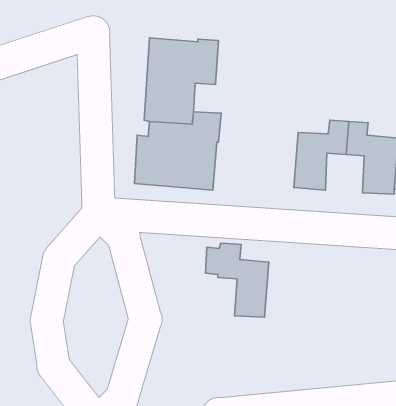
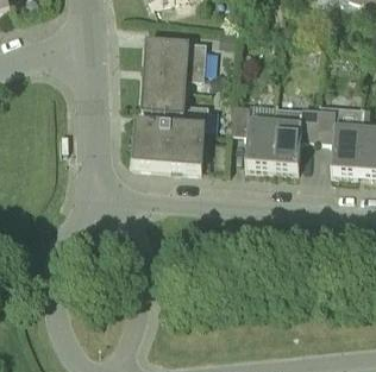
building: [206,243,269,317] -> [220,102,275,166]

